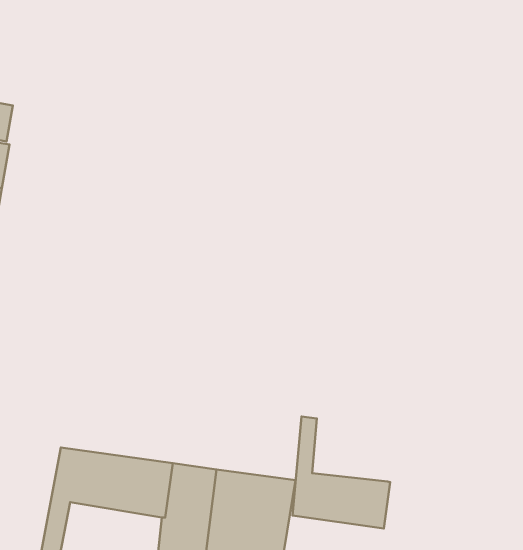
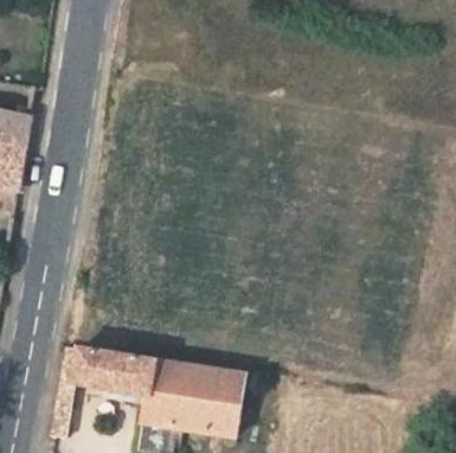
building: [292,417,390,529] -> none

